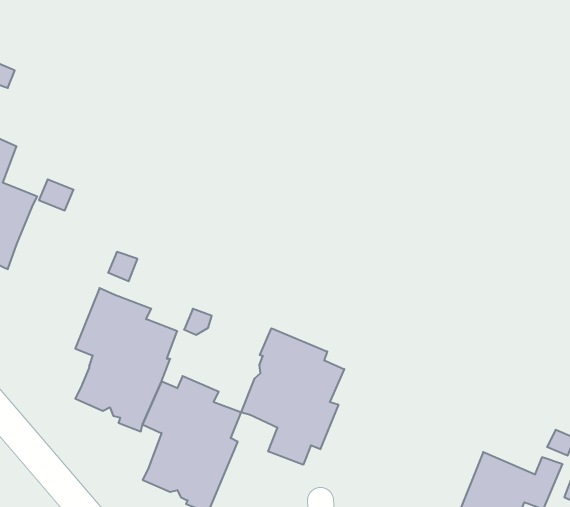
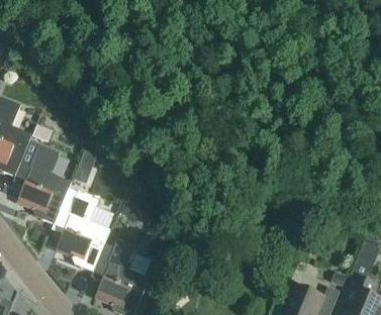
building: none -> [16,139,72,223]
building: [241,328,344,465] -> none

